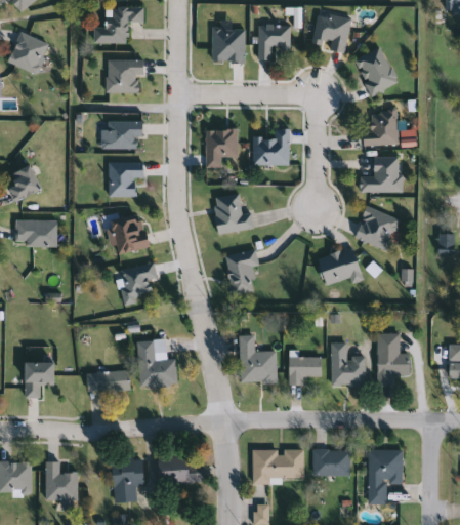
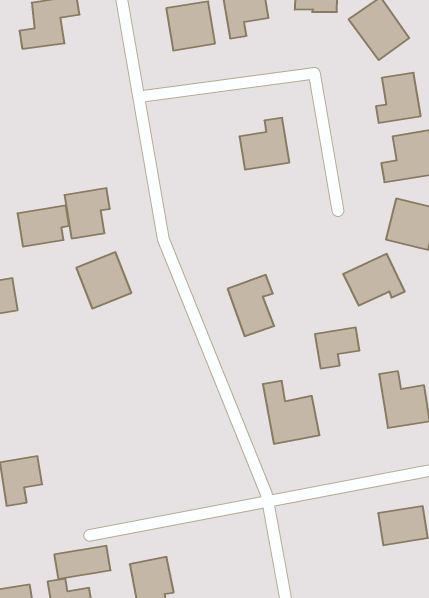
building: [108,59,141,91] -> none
building: [103,121,142,148] -> [17,206,69,247]
building: [206,128,238,167] -> none
building: [215,194,253,232] -> none
building: [119,261,158,301] -> none
building: [138,339,177,387] -> none
building: [289,357,322,385] -> [315,327,360,368]
building: [87,371,129,391] -> [54,546,111,579]
building: [252,449,304,484] -> none
building: [158,456,203,484] -> none

